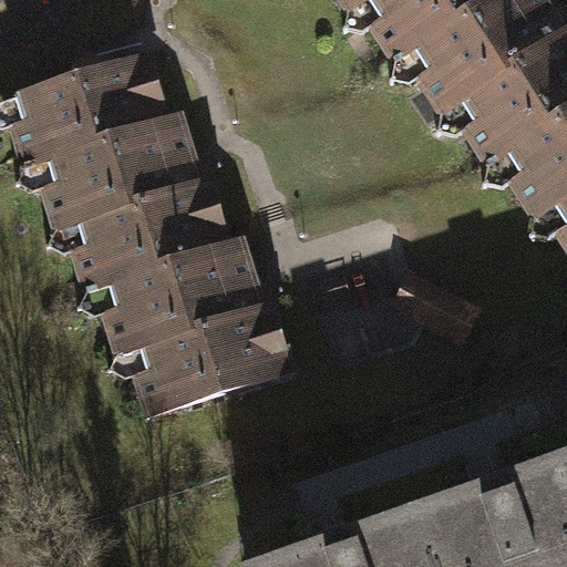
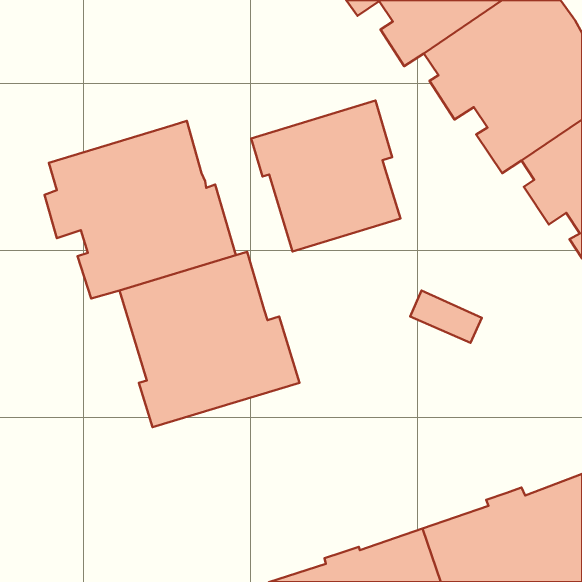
building: [16,56,168,162] -> none
building: none -> [251,100,401,251]

